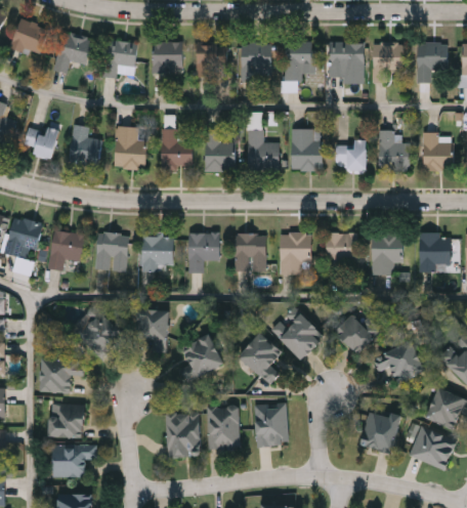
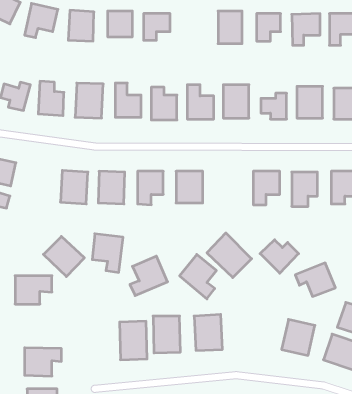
building: [240,43,270,82] -> none
building: [46,228,85,270] -> none
building: [280,231,310,273] -> none
building: [49,404,84,438] -> none

